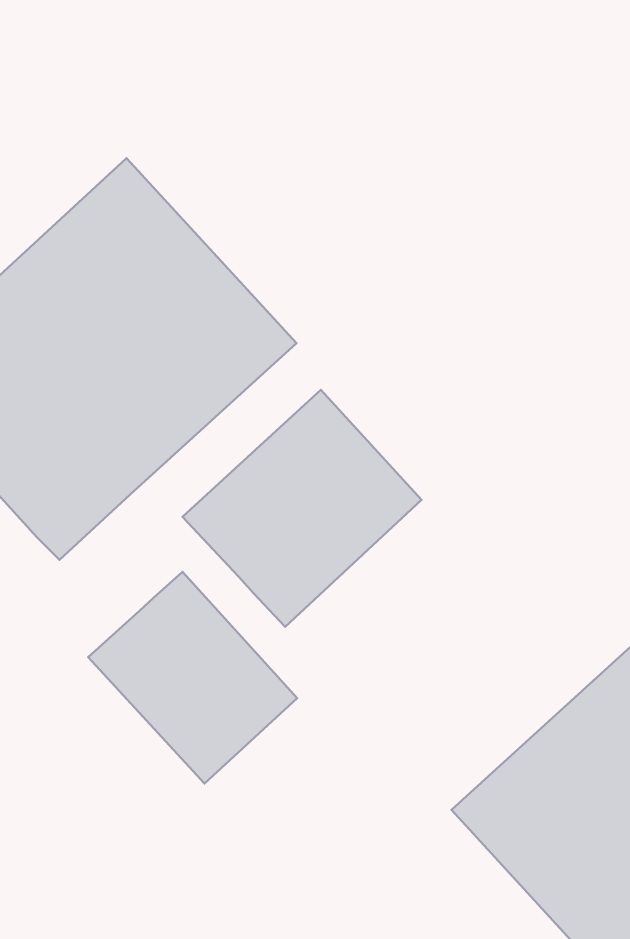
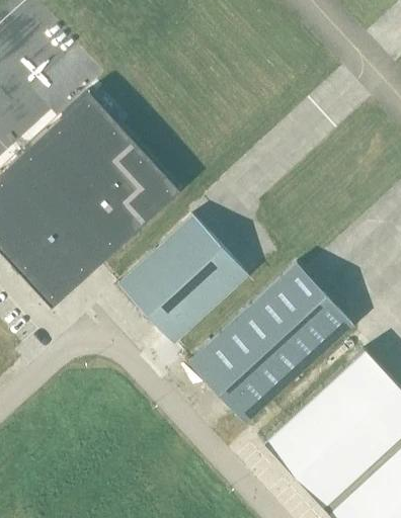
building: none -> [188,263,352,424]
building: [88,572,297,784] -> none

